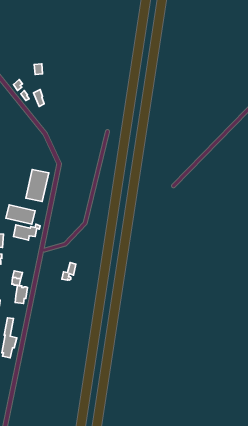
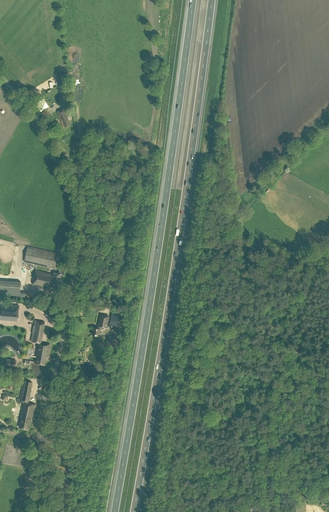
building: [26,169,49,202] -> none

